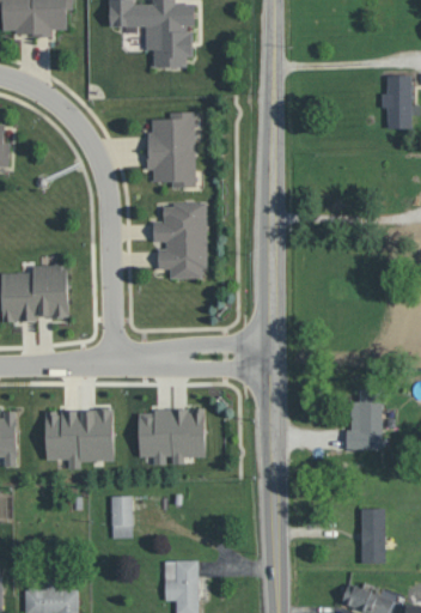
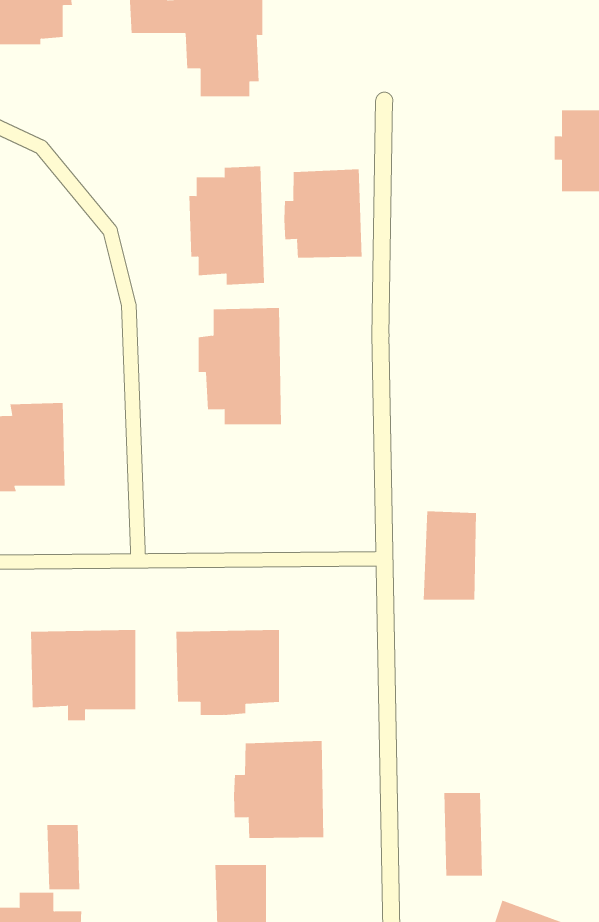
building: none -> [284,168,362,259]
building: [348,392,383,449] -> [423,511,477,600]
building: none -> [233,740,324,839]
building: [111,496,133,538] -> [47,825,80,890]
building: [360,509,385,563] -> [444,792,483,876]

